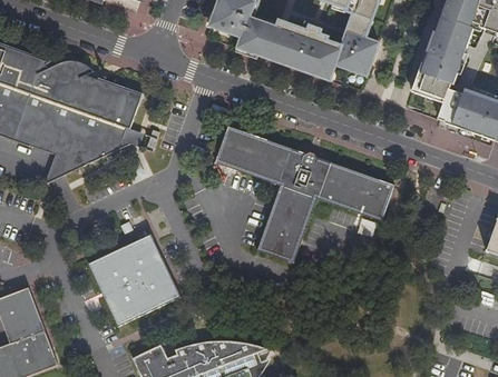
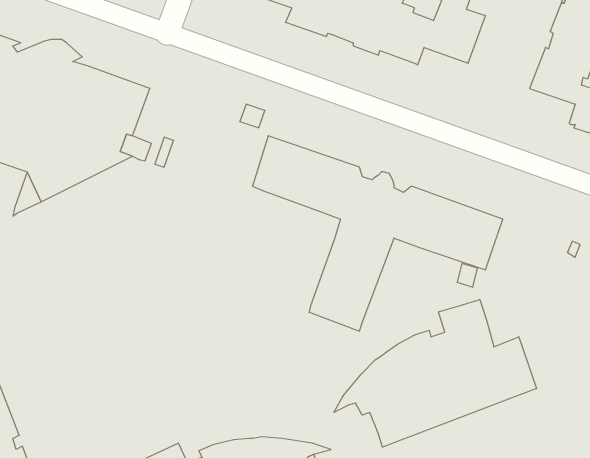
building: [87,231,179,325] -> none
building: none -> [334,299,537,447]

